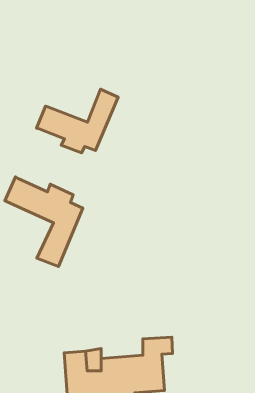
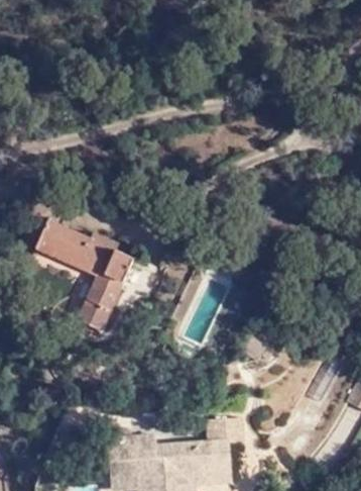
building: [37,89,118,153] -> none

